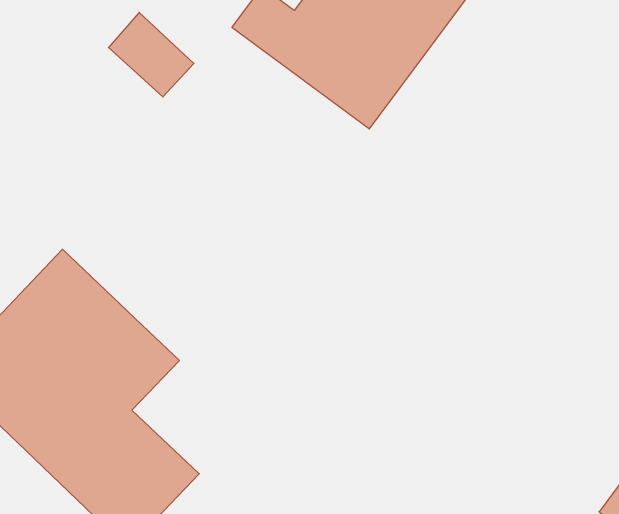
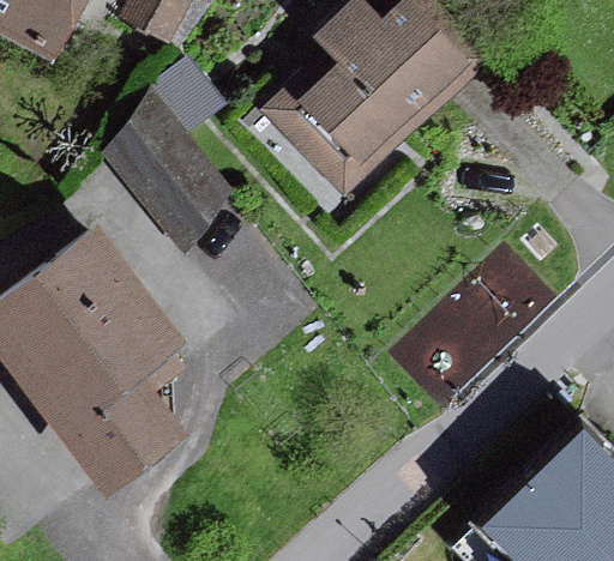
building: none -> [96,95,239,243]

